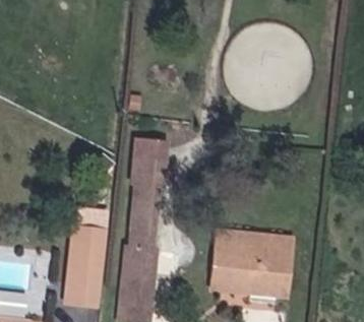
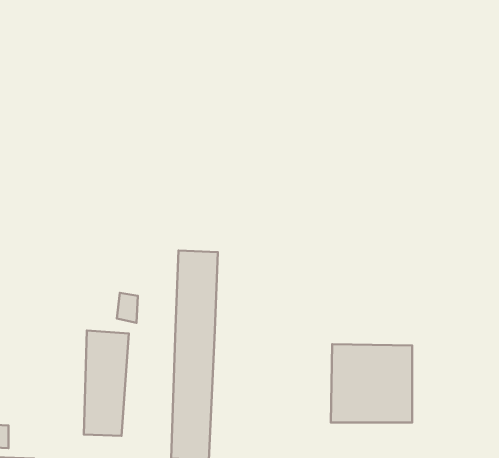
building: [132,132,159,169] -> none
building: [216,241,236,294] -> none

